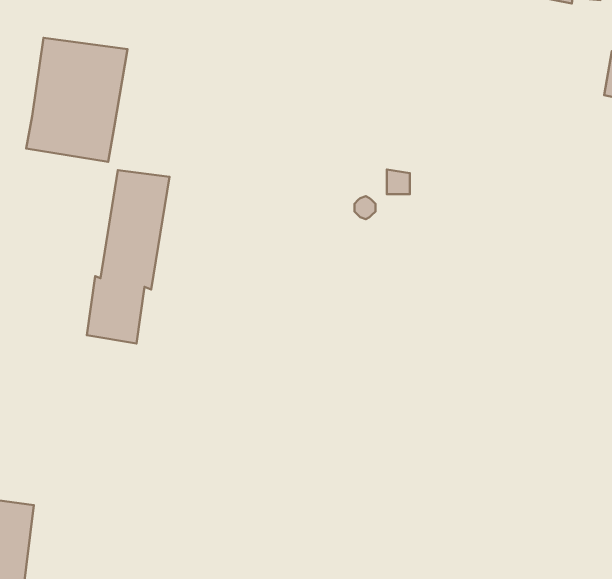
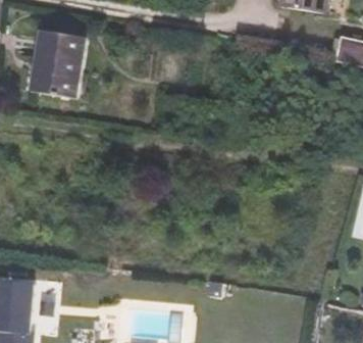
building: [87,170,169,344] -> none

